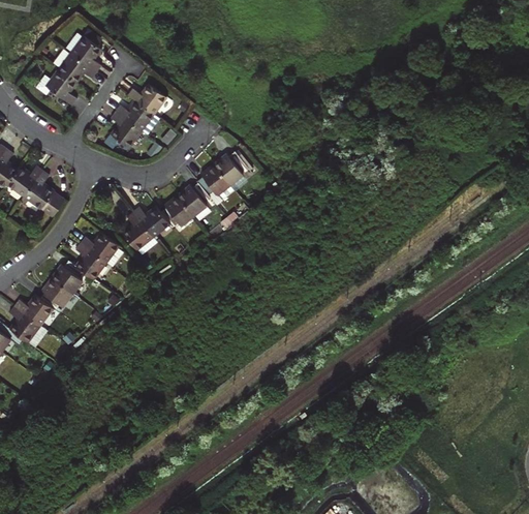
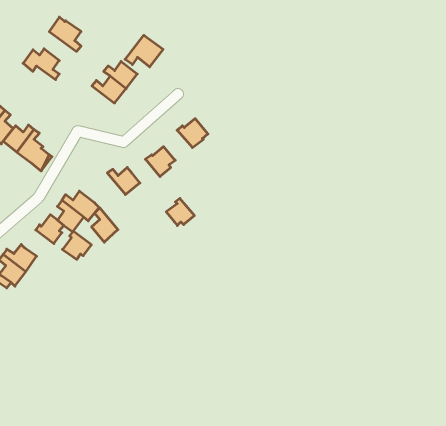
building: [52,52,96,86] -> none
building: none -> [125,35,163,67]
building: [110,115,139,151] -> none
building: [194,165,228,198] -> none
building: [159,199,191,230] -> [166,198,194,226]
building: [122,214,152,253] -> [92,208,118,242]
building: [37,279,70,311] -> [62,231,91,259]

